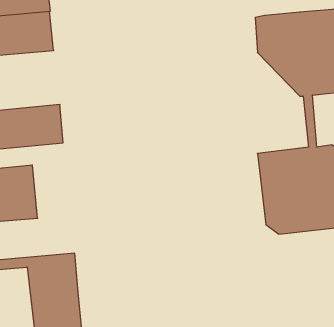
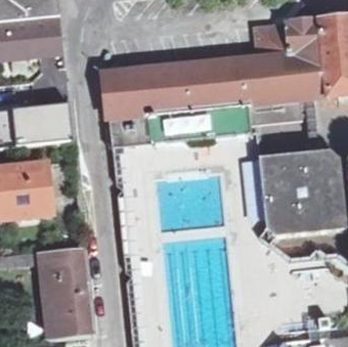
building: none -> [103,57,301,117]

